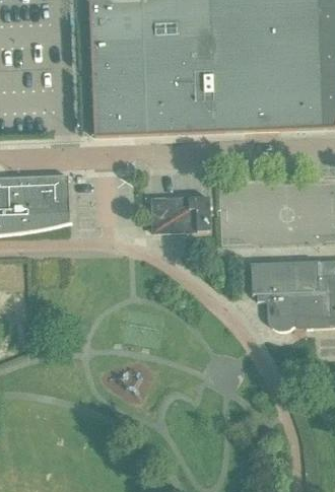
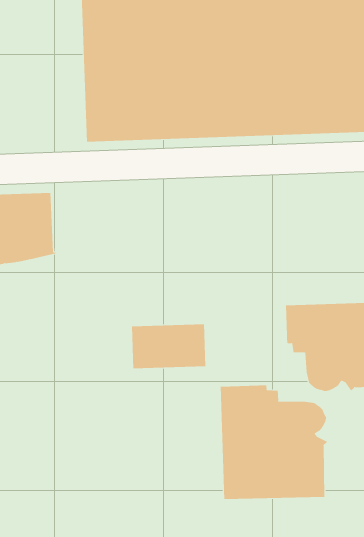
building: [150,196,209,231] -> [131,324,206,369]
building: none -> [220,385,328,500]

